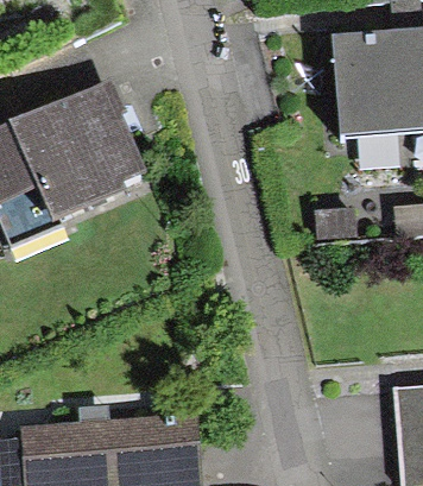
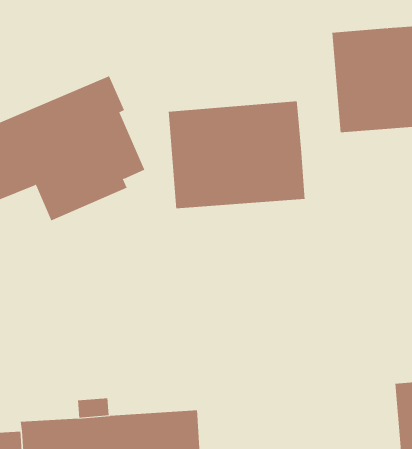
building: none -> [168,101,305,209]

